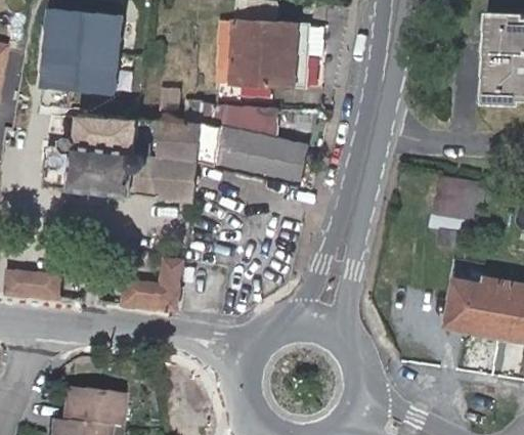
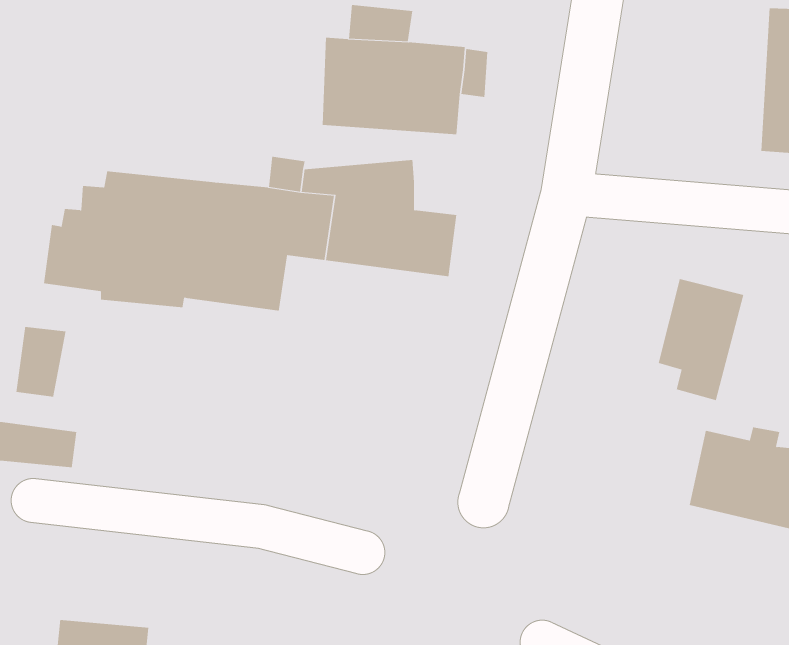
building: [49,12,132,101] -> none
building: none -> [16,326,66,397]
building: [122,263,181,311] -> none

